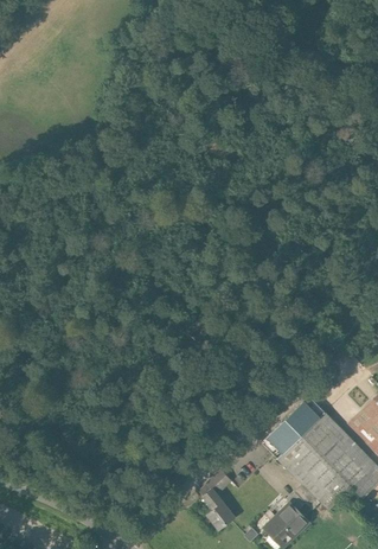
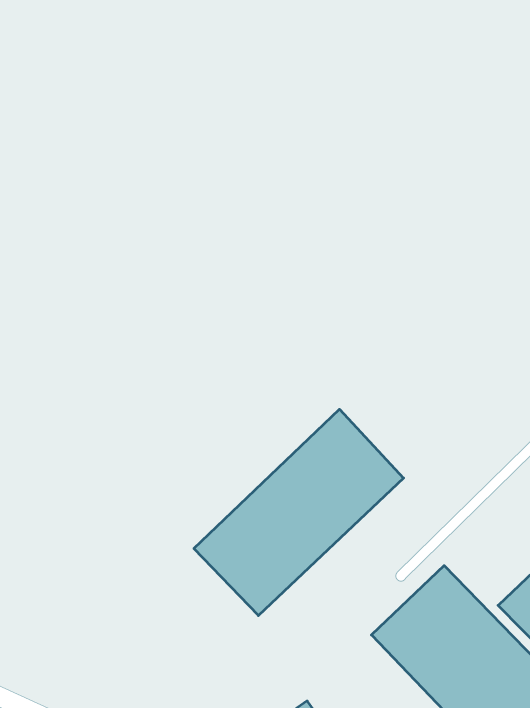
building: none -> [194,409,404,616]

